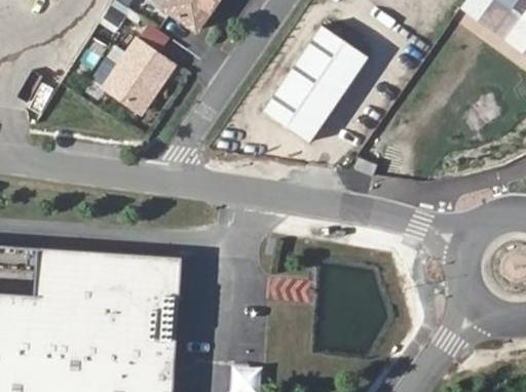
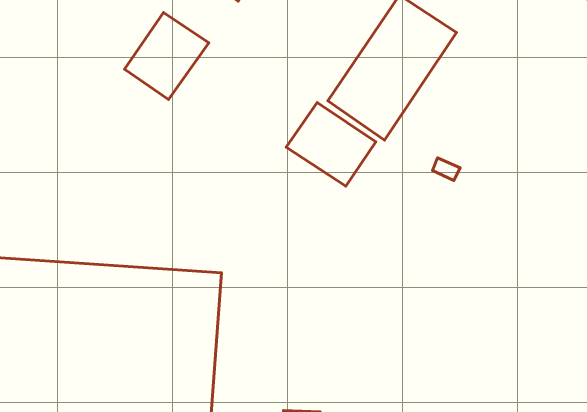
building: none -> [286,102,376,186]

